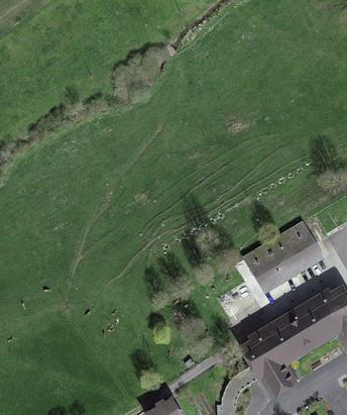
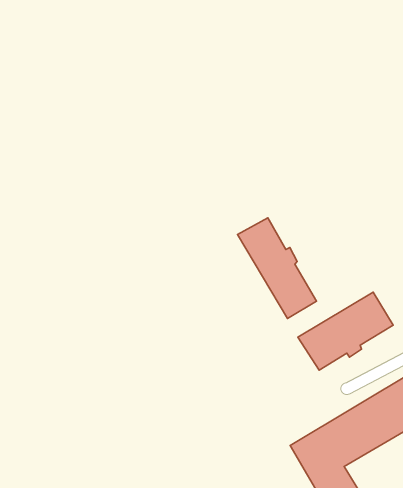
building: none -> [237,218,317,318]

